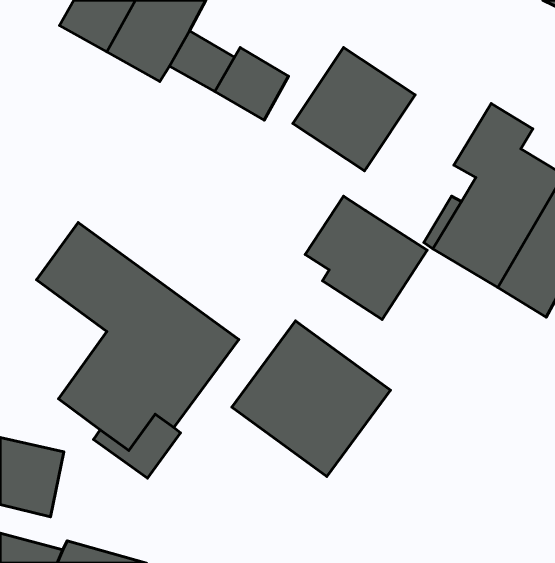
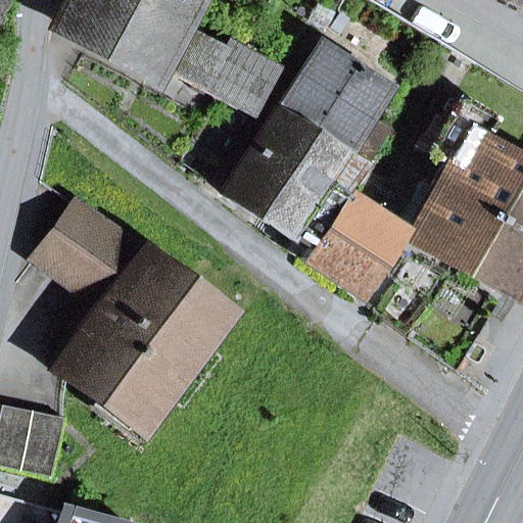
building: none -> [227,114,365,236]
building: [232,321,390,476] -> none

